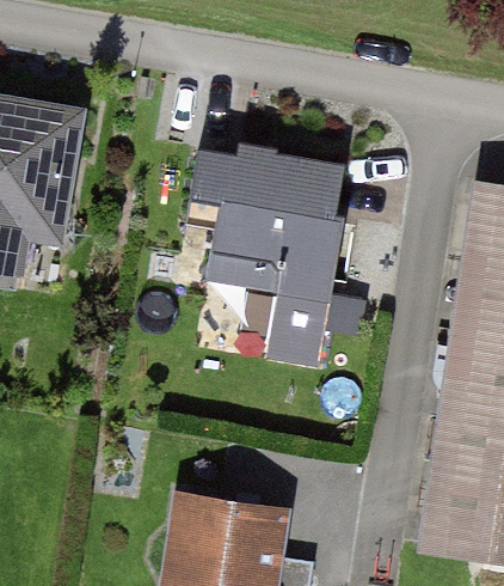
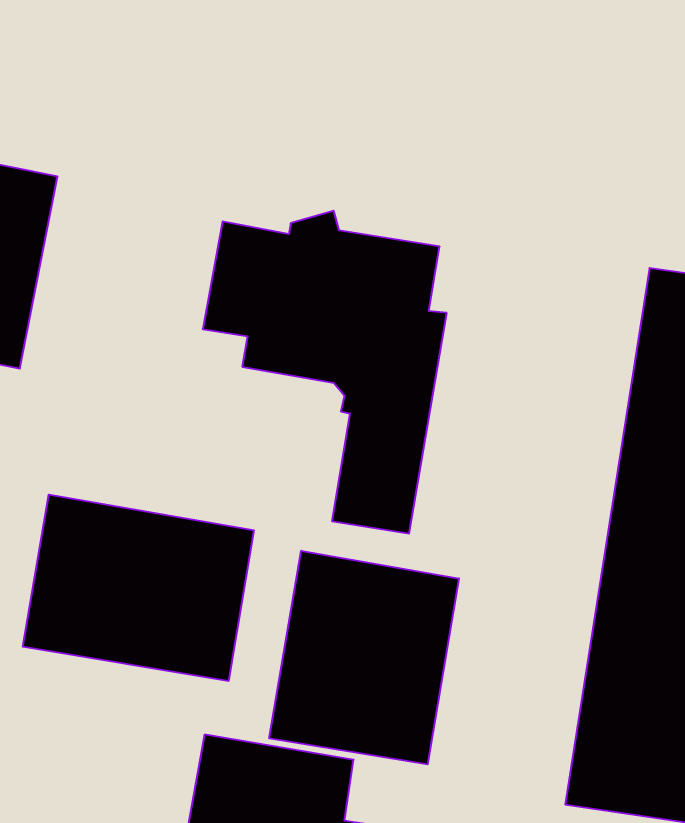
building: none -> [23,495,254,681]
building: none -> [269,551,459,764]

